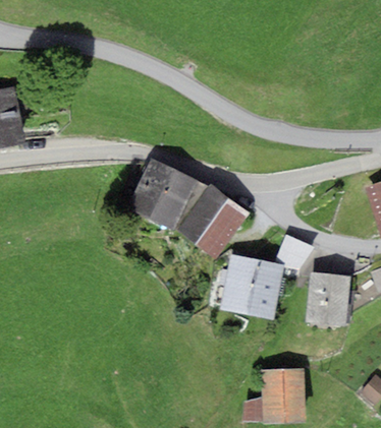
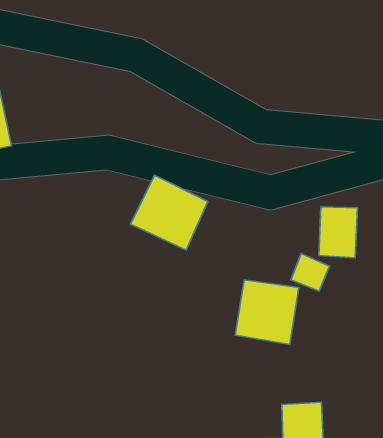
building: [180,190,242,255] -> none
building: [312,274,346,320] -> [319,207,357,258]

